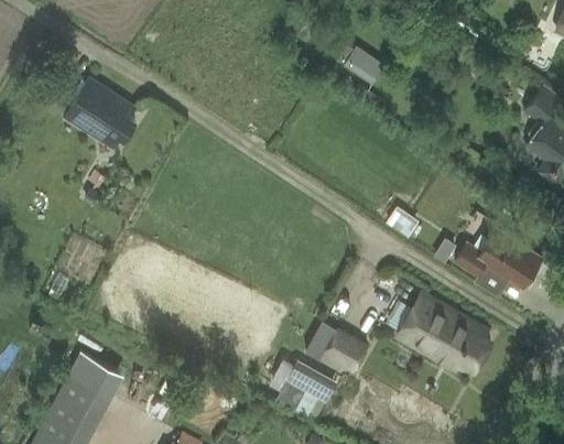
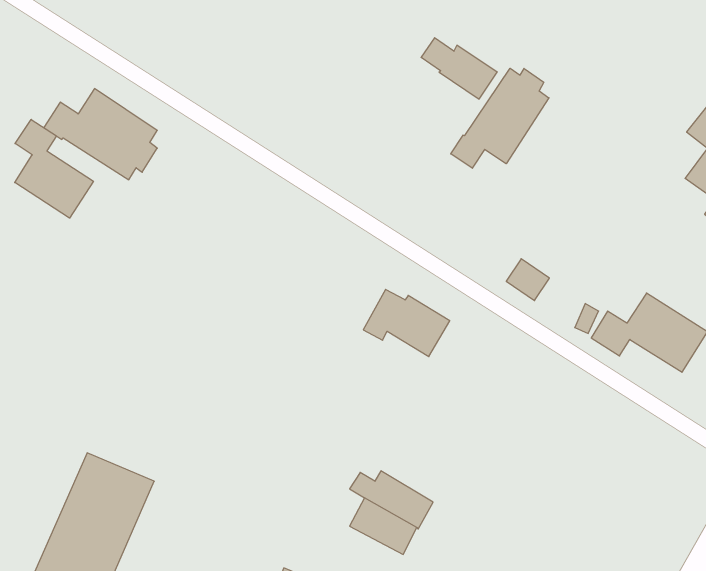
building: none -> [451,68,549,168]
building: none -> [15,119,93,218]
building: [395,293,489,370] -> none
building: [304,323,368,372] -> [363,289,450,357]

